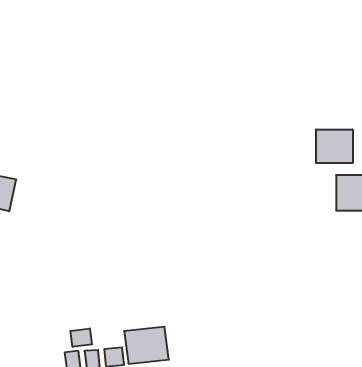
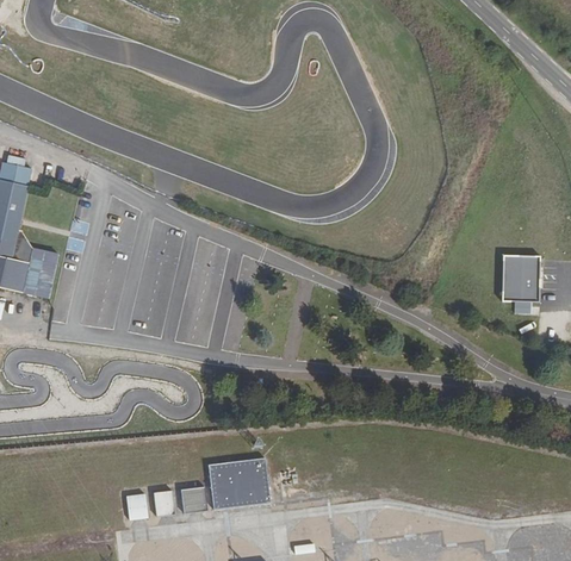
building: [316,129,353,163] -> none
building: [70,328,92,347] -> none

